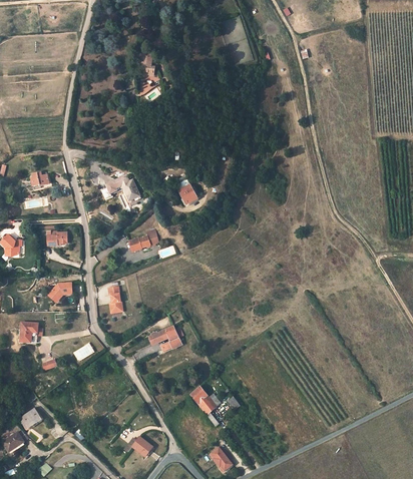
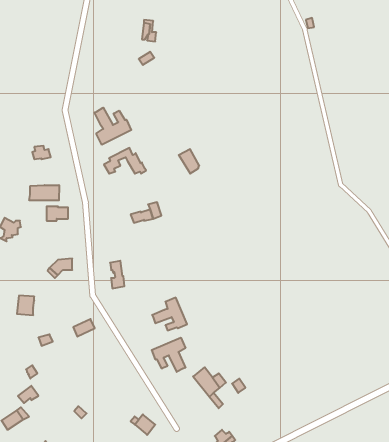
building: none -> [95,108,131,145]
building: none -> [29,185,59,200]
building: none -> [152,338,185,372]

